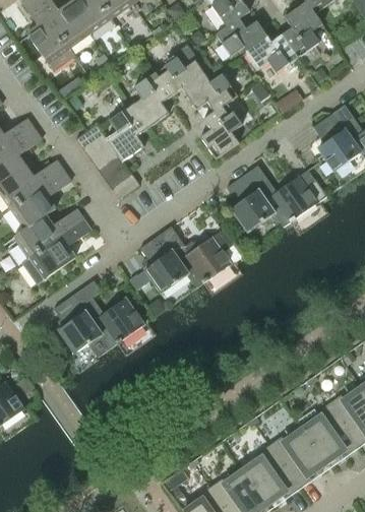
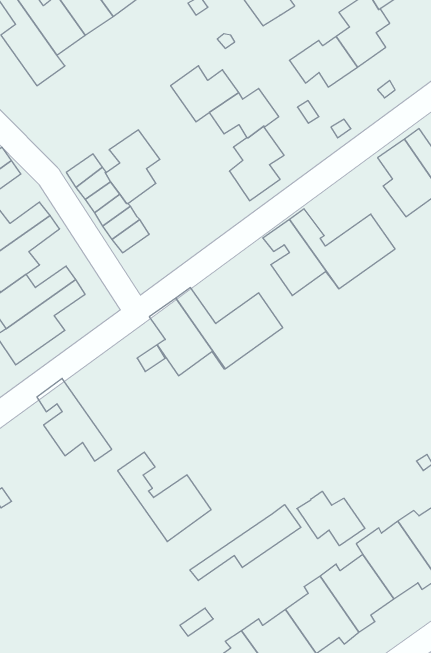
building: [216,17,268,55] -> none
building: [131,71,175,127] -> none
building: [73,279,144,347] -> [118,452,211,542]
building: none -> [297,491,365,546]
building: none -> [190,505,301,581]

